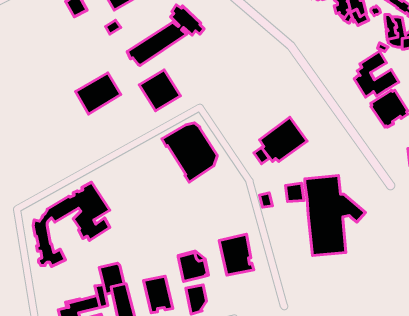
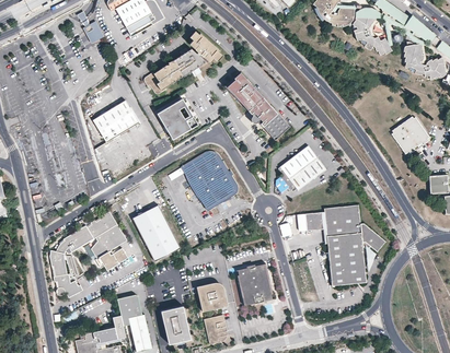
building: none -> [226,72,290,142]
building: [354,51,399,97] -> none
building: none -> [131,204,180,261]

